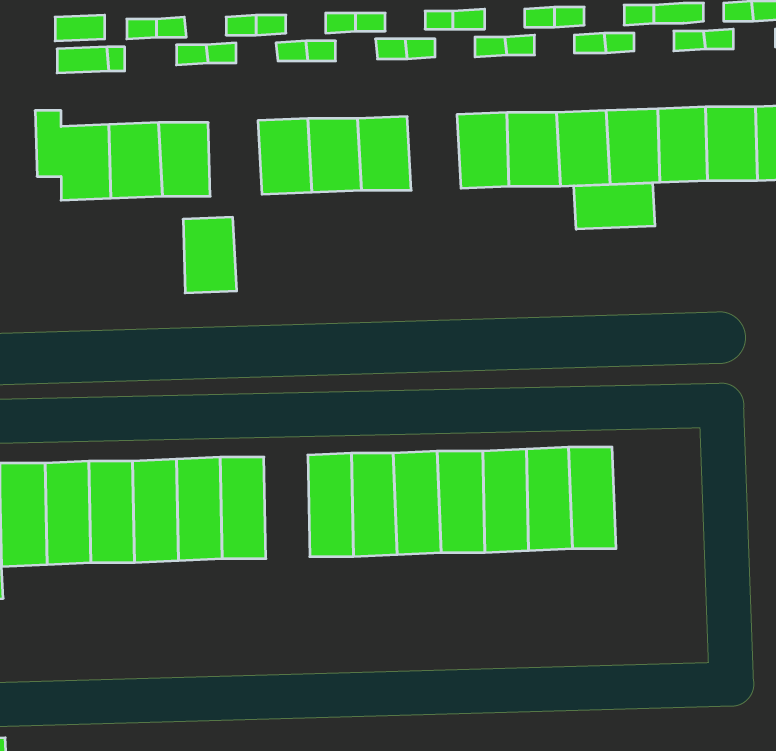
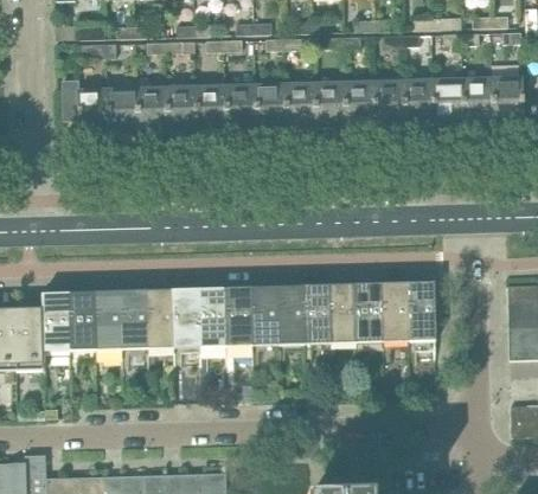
building: none -> [284,83,316,128]
building: [574,183,655,229] -> none
building: [183,217,237,293] -> [166,86,198,131]
building: none -> [408,280,436,351]
building: none -> [199,286,226,347]

